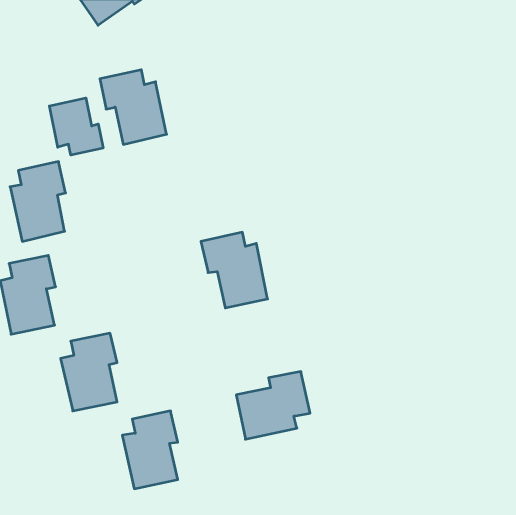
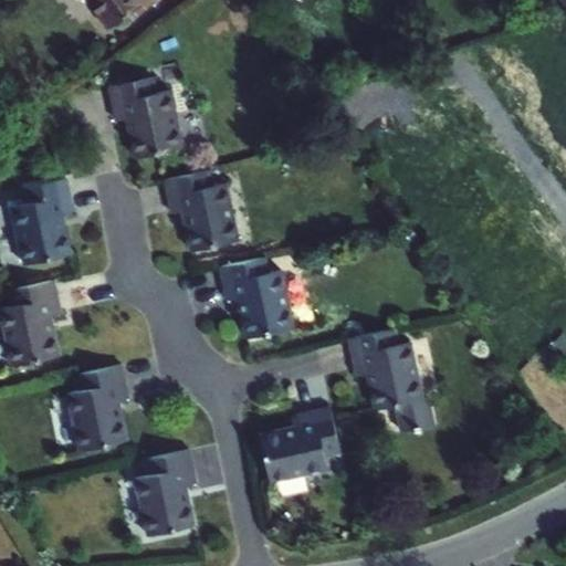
building: [49,98,103,155] -> none
building: none -> [166,168,239,250]
building: none -> [348,326,432,431]

